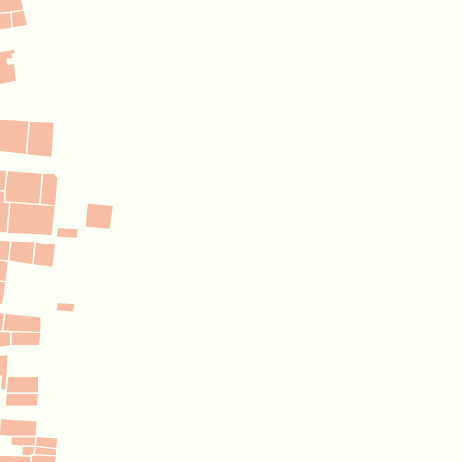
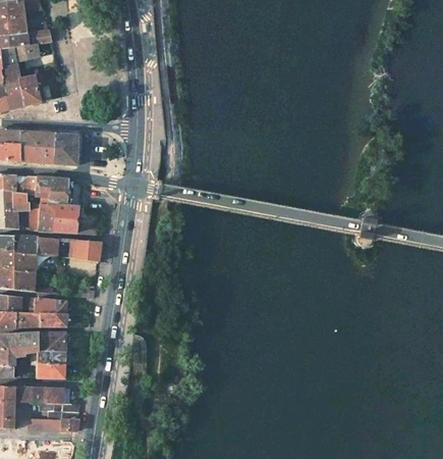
building: [85,203,114,230] -> [75,239,100,261]
building: none -> [37,333,64,351]

